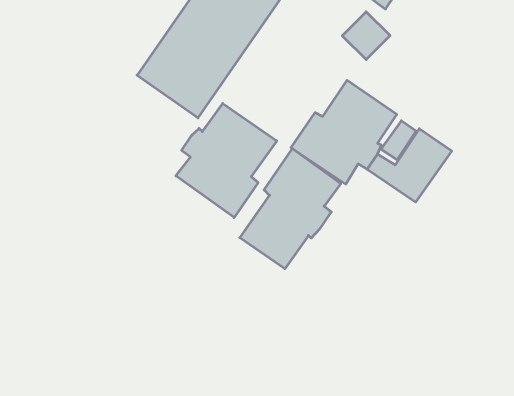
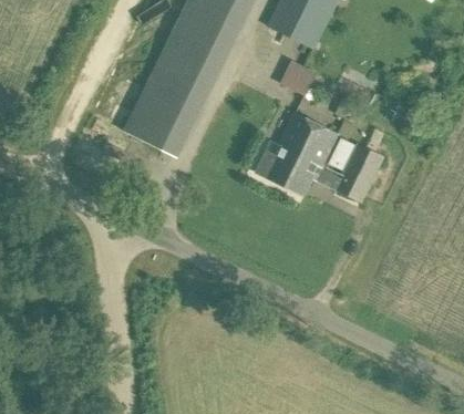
building: [176,103,277,218] -> none
building: [240,149,341,269] -> none

